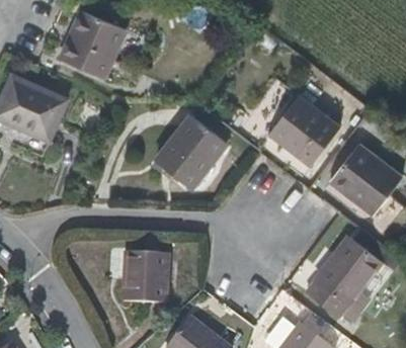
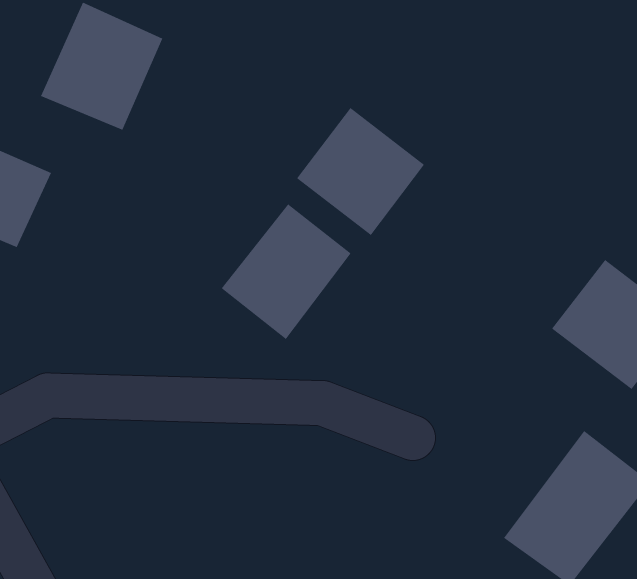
building: [269,96,337,164] -> [296,107,425,236]
building: [121,252,168,302] -> none

